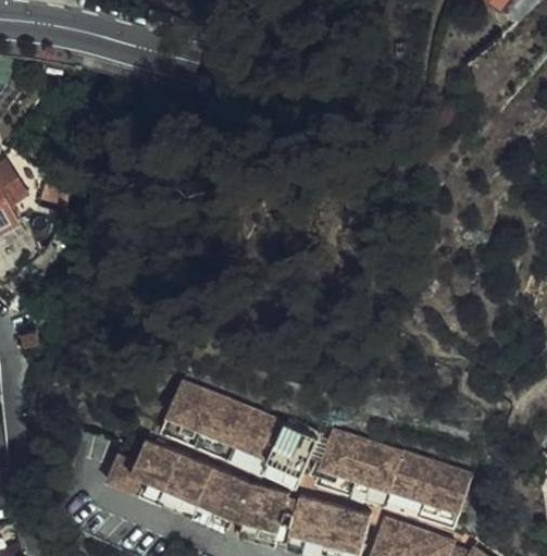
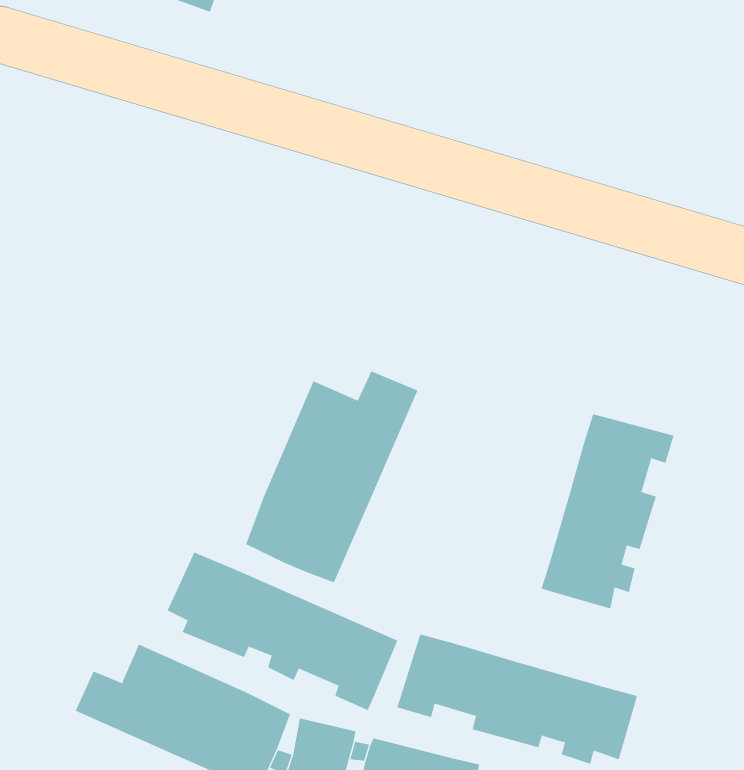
building: none -> [245,370,418,583]
building: none -> [541,413,674,609]

